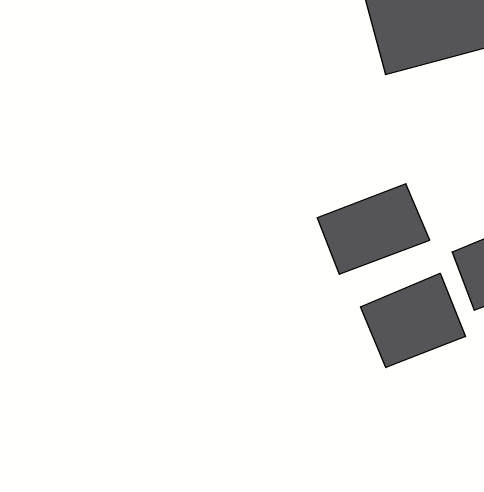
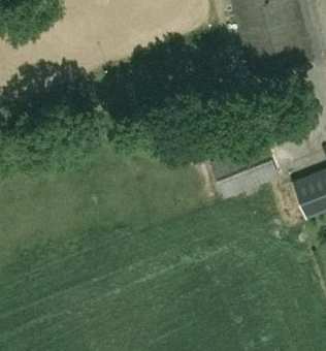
building: [361,273,465,368] -> none

